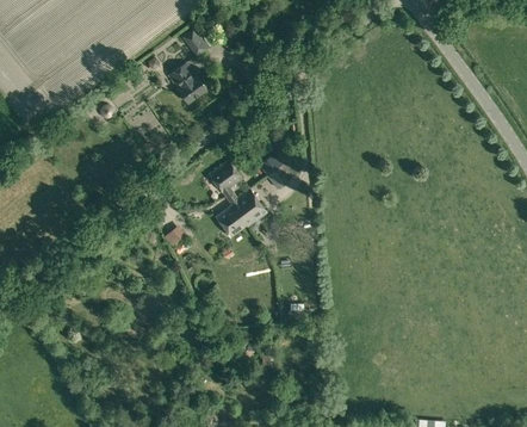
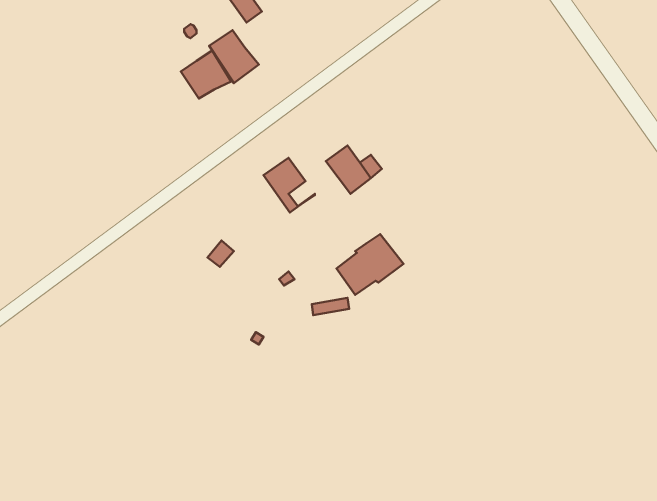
building: none -> [181,51,231,99]
building: [216,188,267,235] -> [337,234,404,295]

